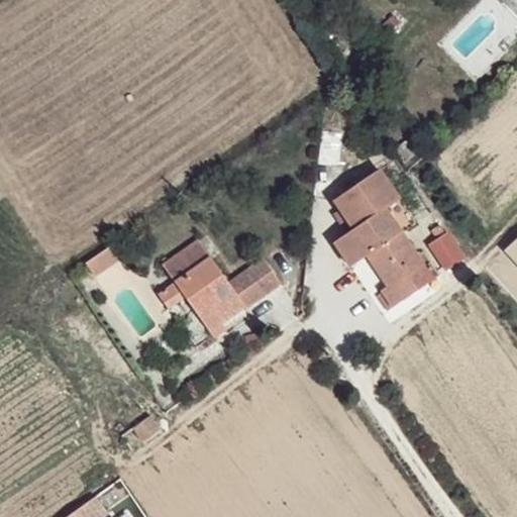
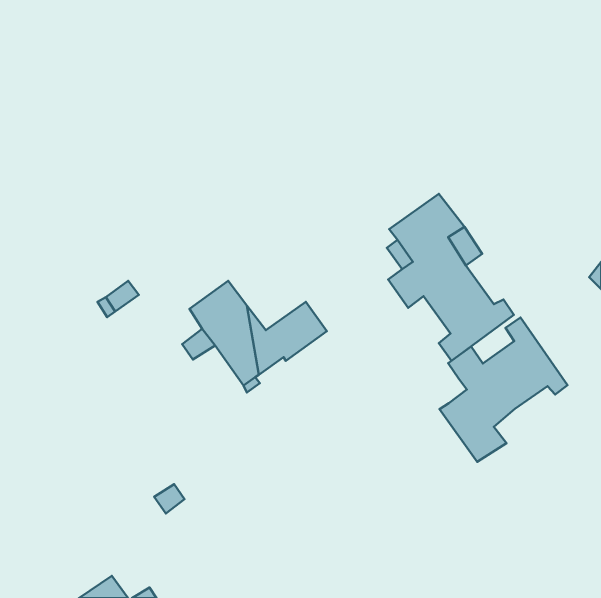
building: [427,231,466,272] -> none
building: none -> [439,318,568,462]

